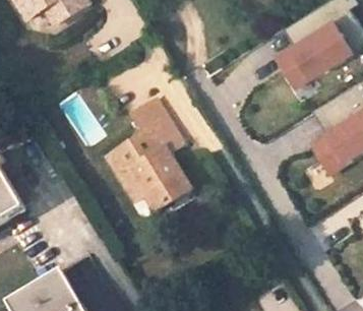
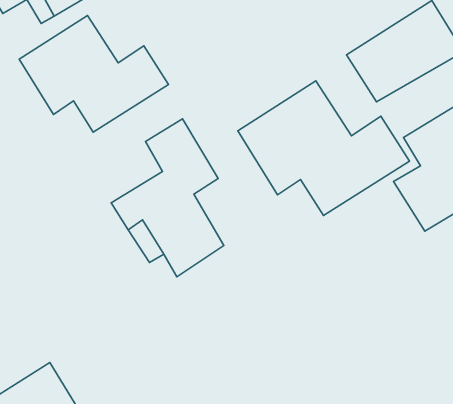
building: none -> [19,15,169,132]
building: none -> [238,81,409,215]

